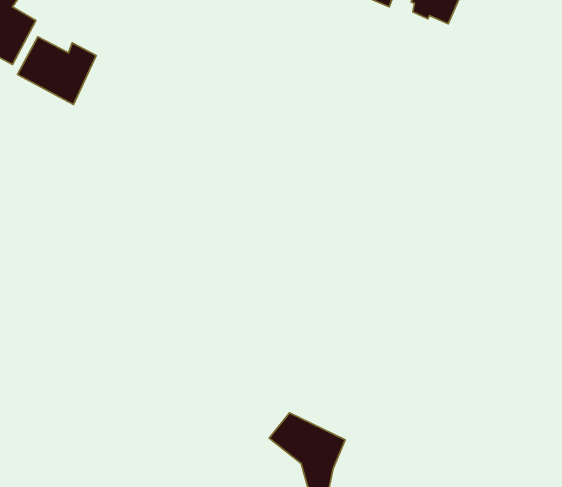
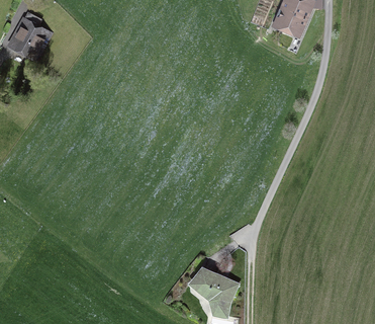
building: [18,37,96,105] -> none

